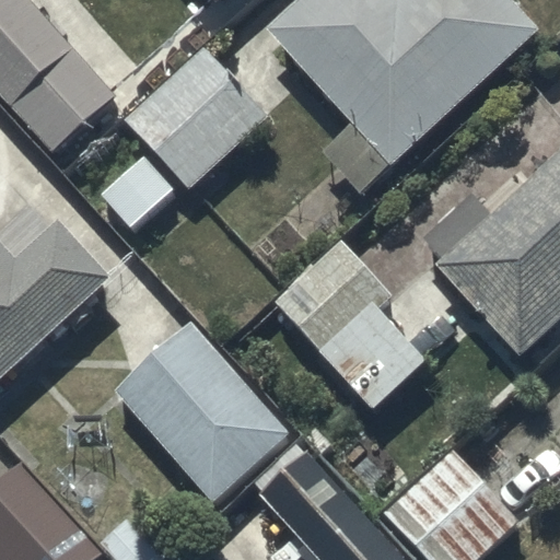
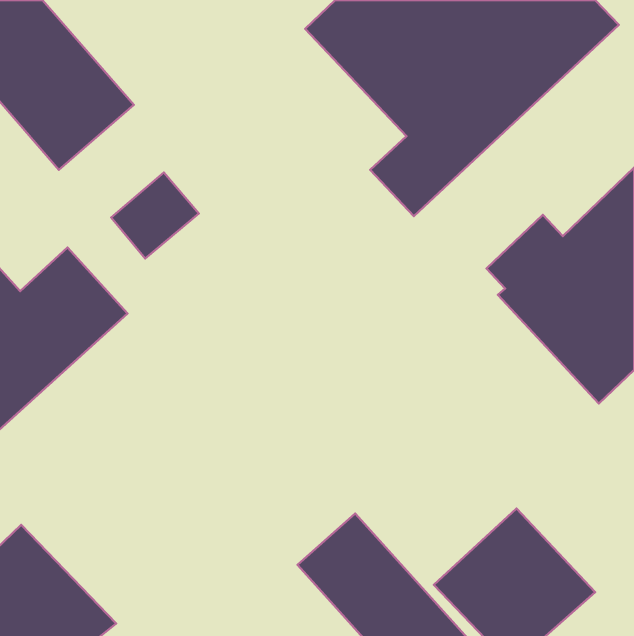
building: [122,45,269,190] -> none
building: [275,240,425,409] -> none
building: [115,323,288,499] -> none

